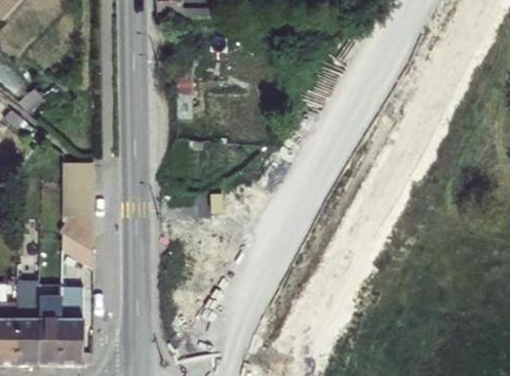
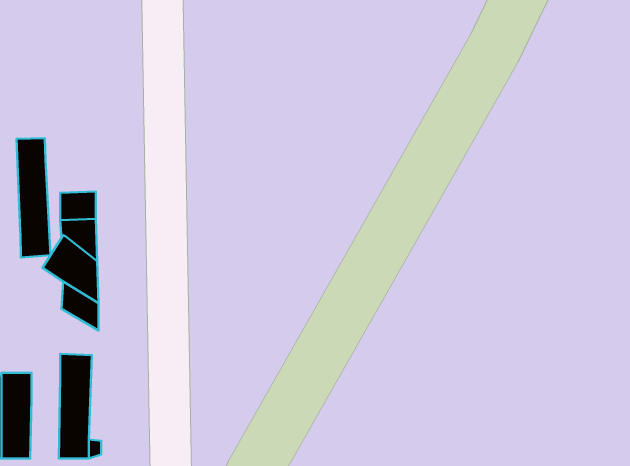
building: none -> [16,138,51,257]
building: [38,302,61,364] -> none

